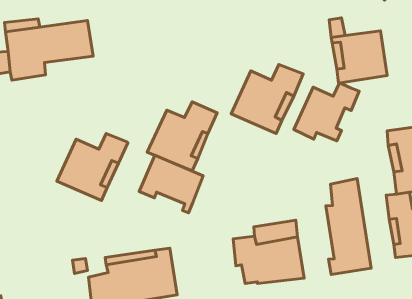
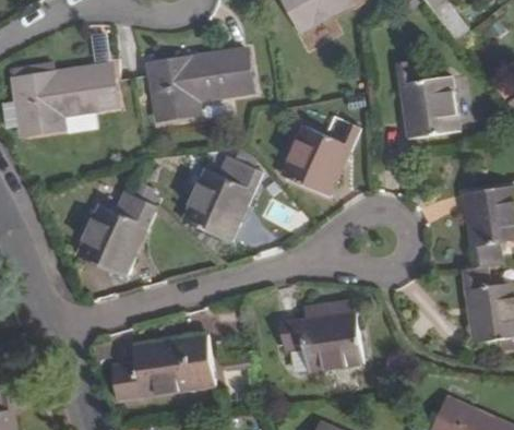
building: none -> [148,49,251,119]
building: [294,83,359,141] -> none
building: [139,155,203,213] -> none
building: [326,179,371,275] -> none

